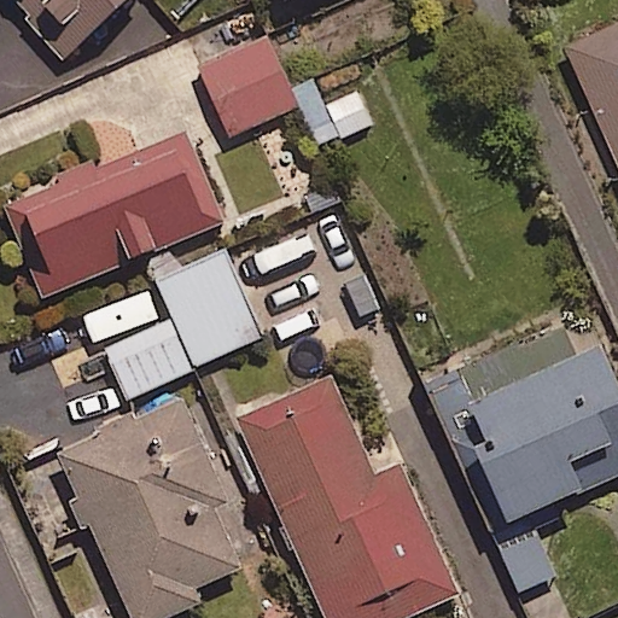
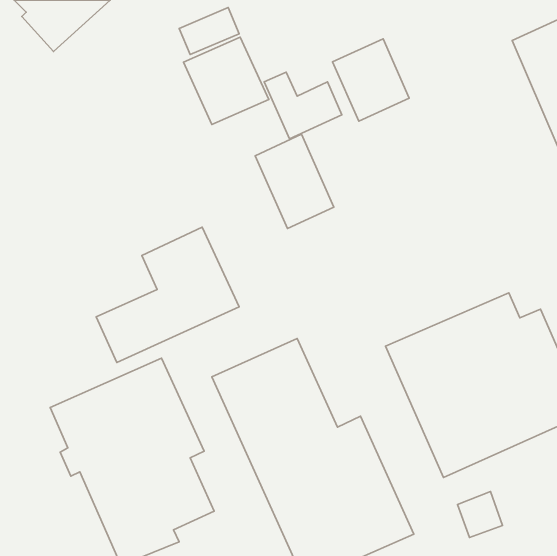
building: none -> [333,39,409,121]
building: [6,132,222,295] -> none
building: none -> [255,134,334,229]

